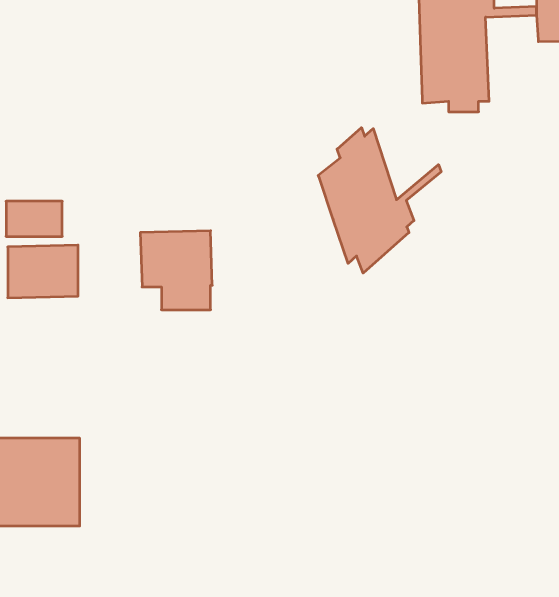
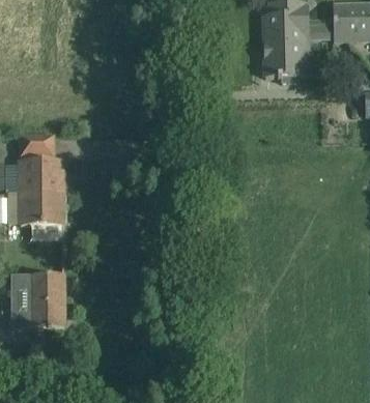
building: [318,128,441,273] -> none
building: [140,231,212,310] -> [21,190,63,236]

